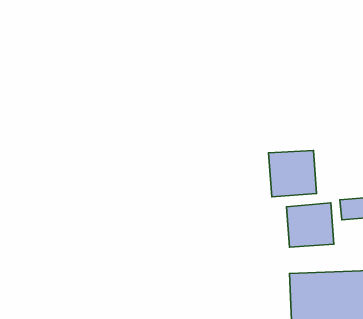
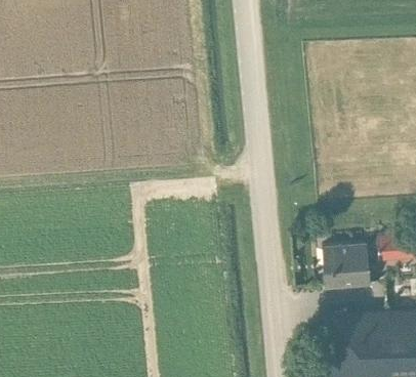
building: [269,150,317,197] -> none

